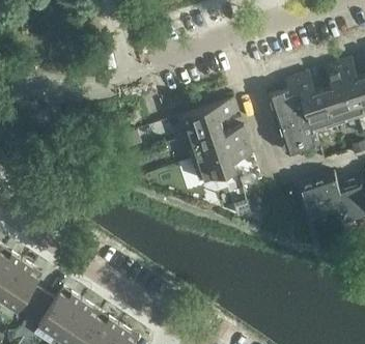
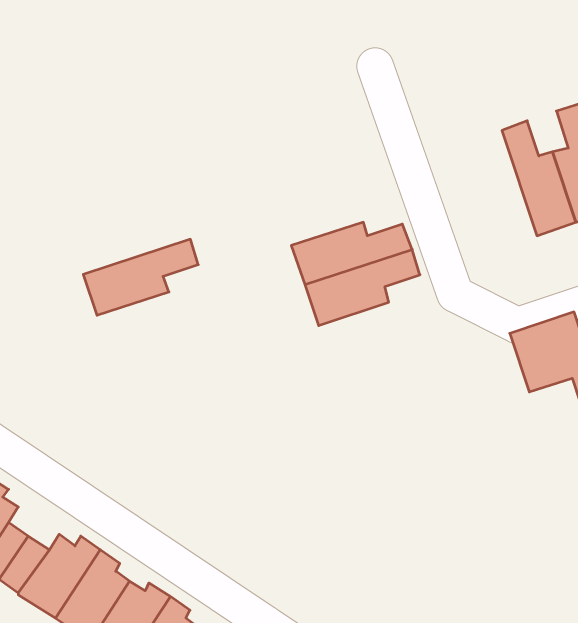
building: [268,79,317,155] -> none
building: [176,99,237,140] -> [83,239,198,315]

